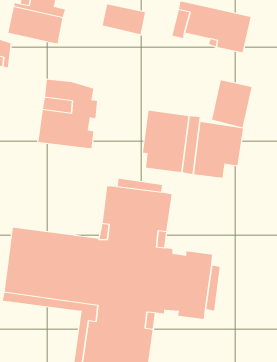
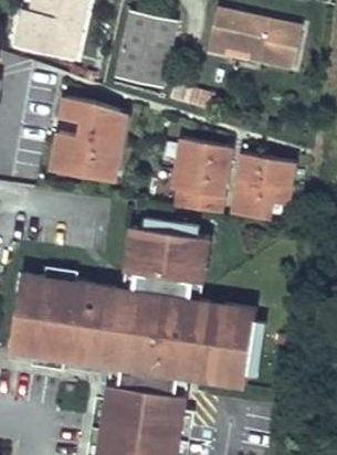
building: none -> [117,39,172,88]
building: [212,79,252,128] -> none

